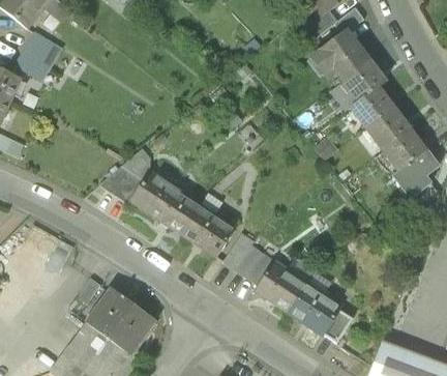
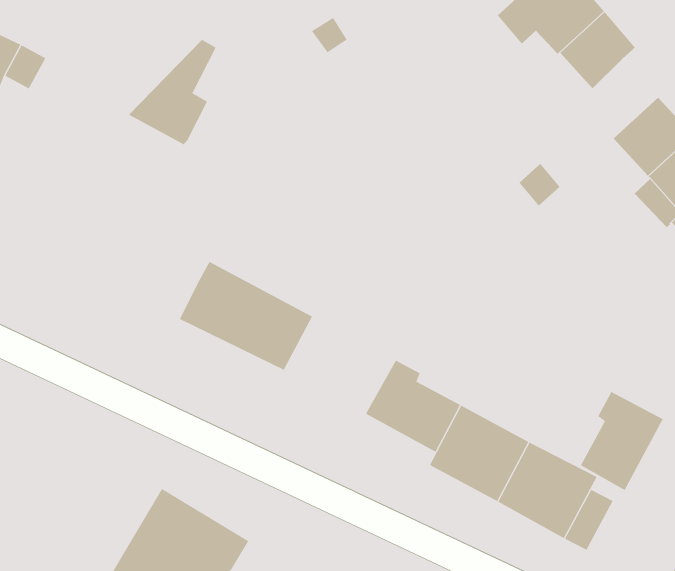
building: [350,85,392,126] -> none
building: [99,147,149,202] -> [128,39,216,145]
building: [182,205,235,257] -> none
building: none -> [580,391,663,491]

